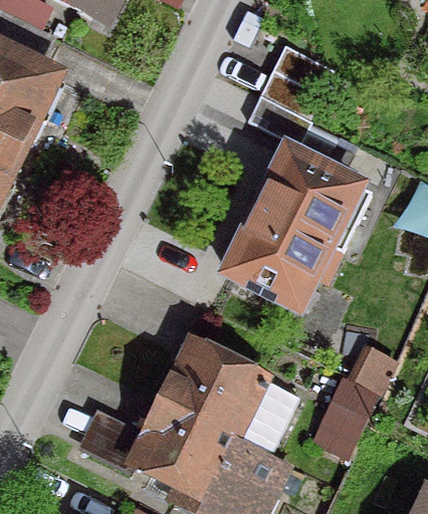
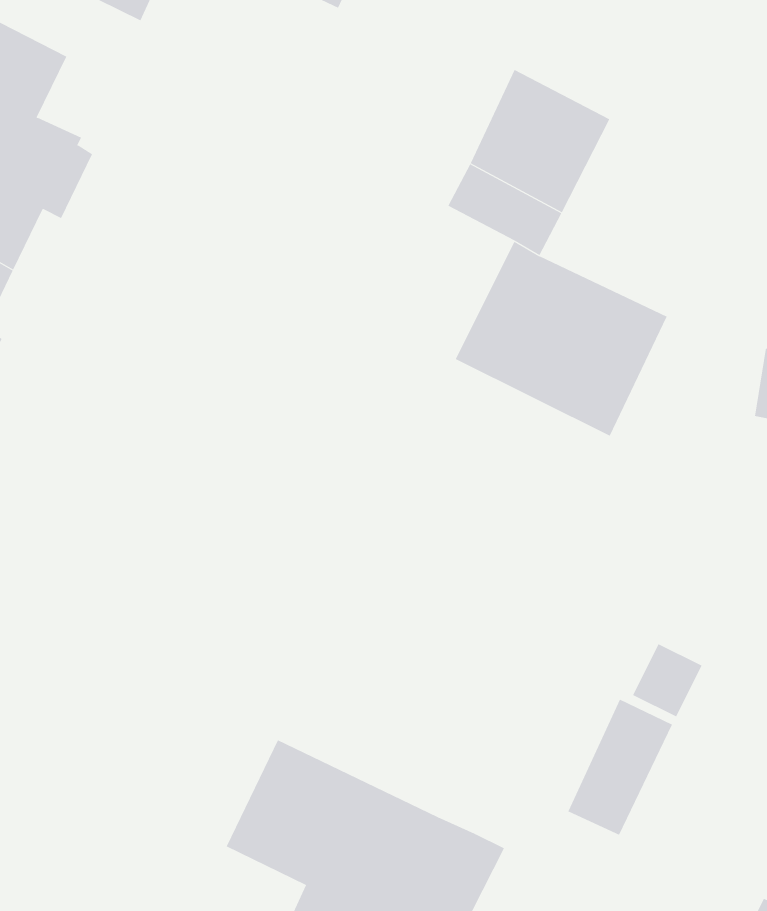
building: [219,199,339,311] -> none
building: [158,346,293,457] -> none

